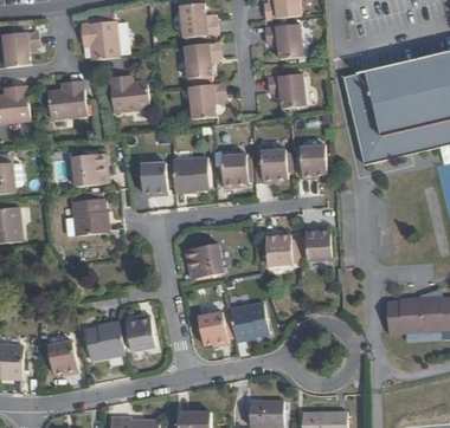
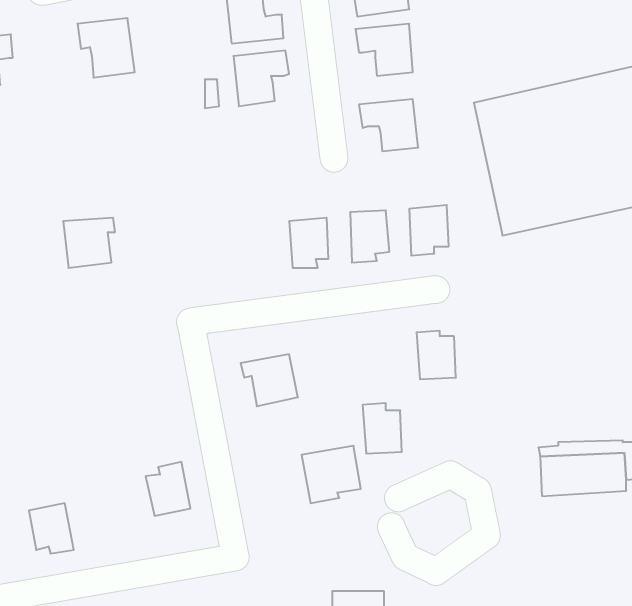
building: [109,77,148,112] -> none
building: [46,82,85,119] -> none
building: [188,83,224,119] -> none
building: [172,156,207,193] -> none
building: [140,161,166,194] -> none
building: [71,197,108,234] -> none
building: [265,231,291,264] -> [363,403,402,453]
building: [198,311,227,345] -> none
building: [85,319,124,358] -> none

